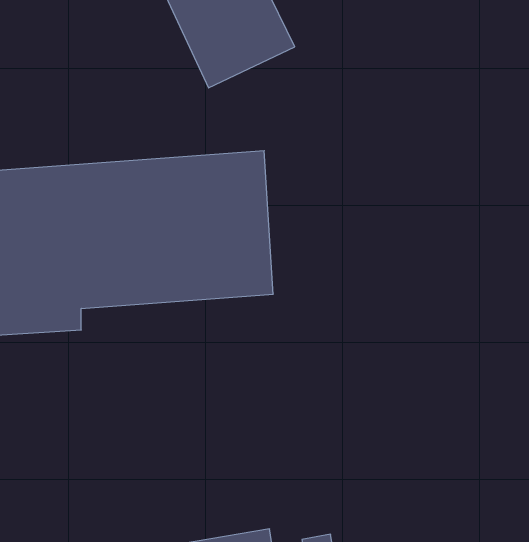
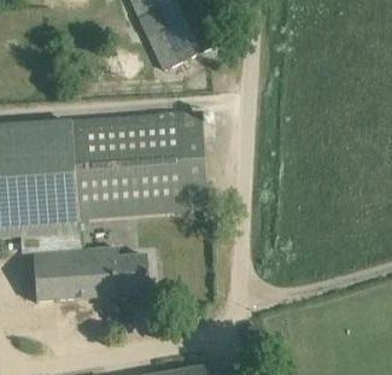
building: none -> [33,246,148,300]

